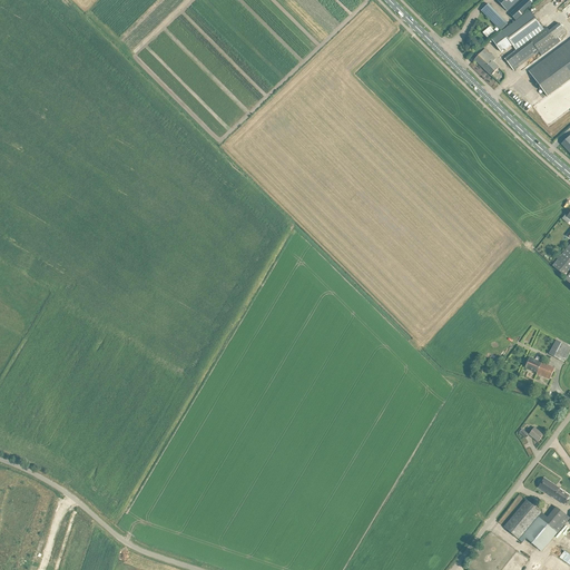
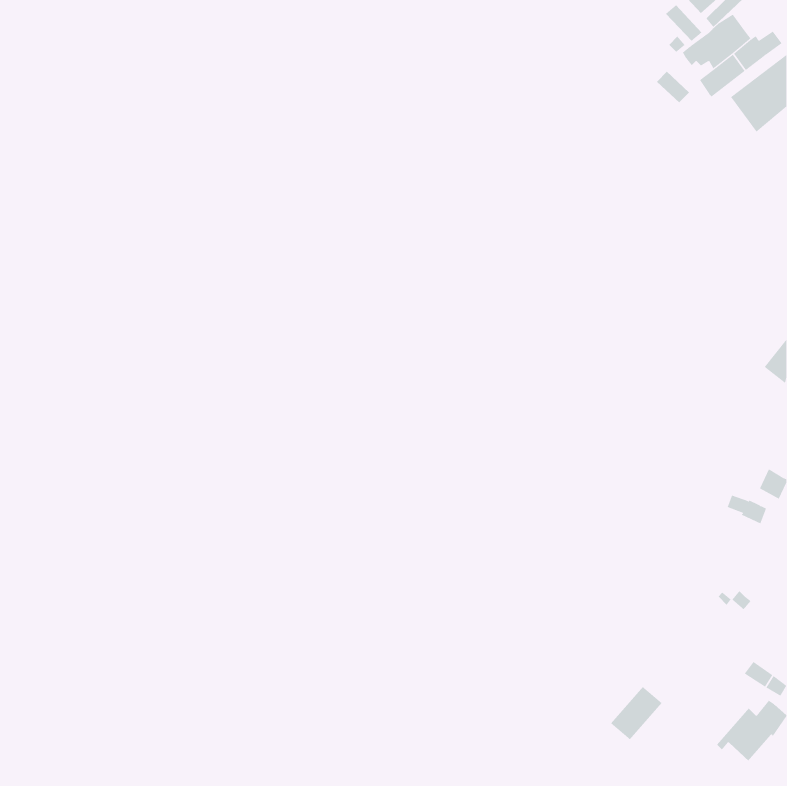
building: [503,499,541,538] -> [610,686,663,740]

